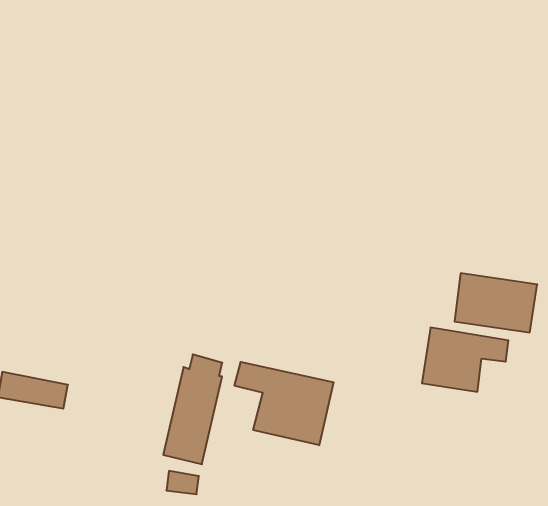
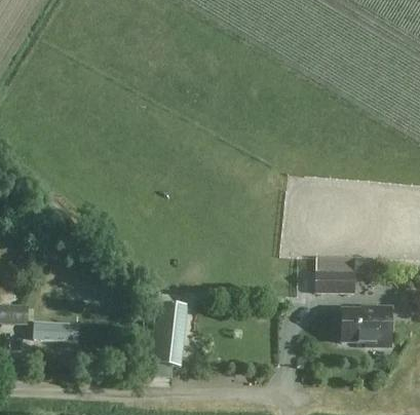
building: [455,273,537,332] -> [340,309,392,343]
building: [235,362,334,445] -> none

